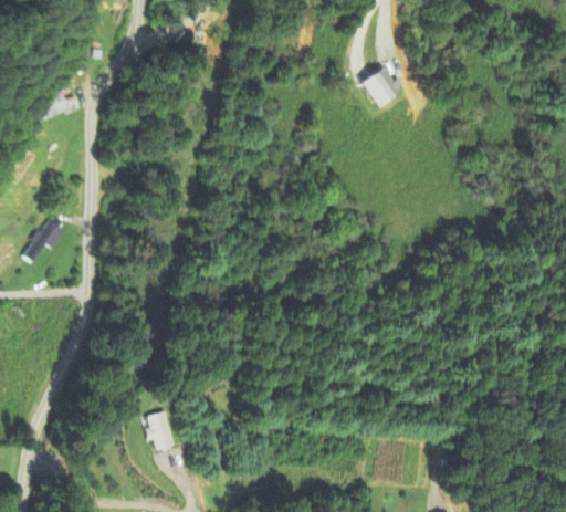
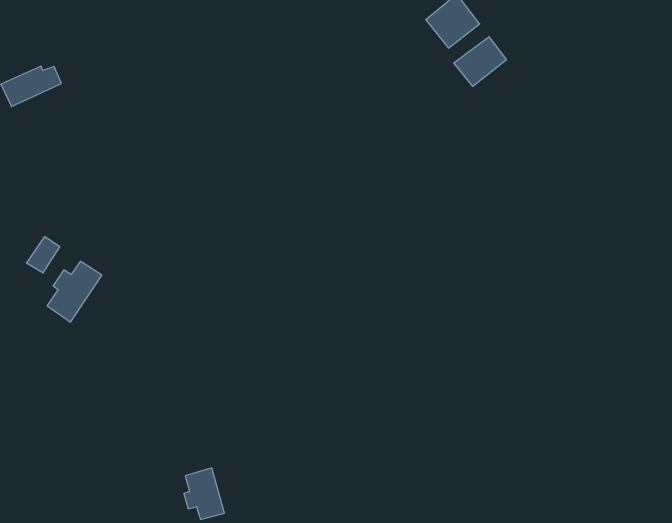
building: none -> [454,37,506,86]
building: none -> [47,261,102,322]

